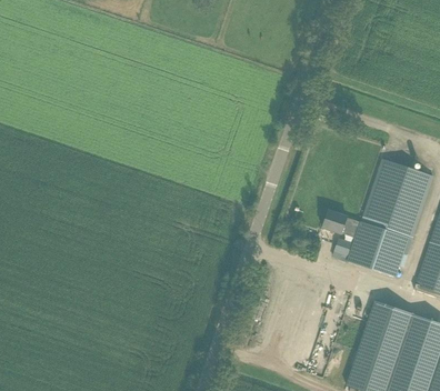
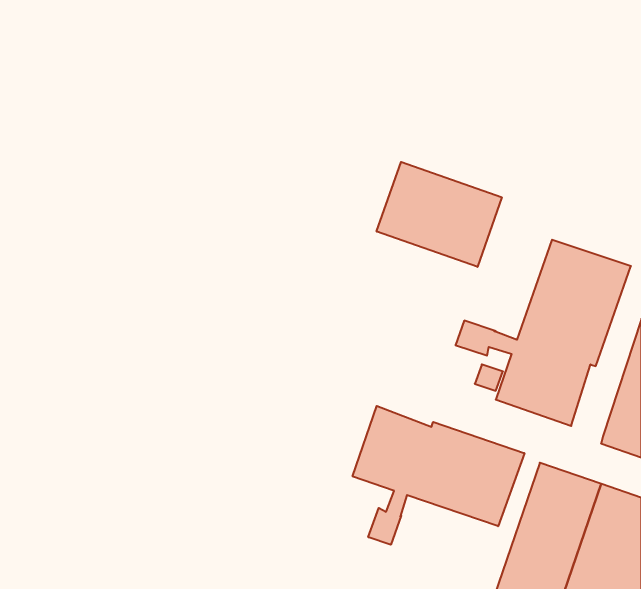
building: none -> [377,162,502,267]
building: none -> [353,406,524,545]

